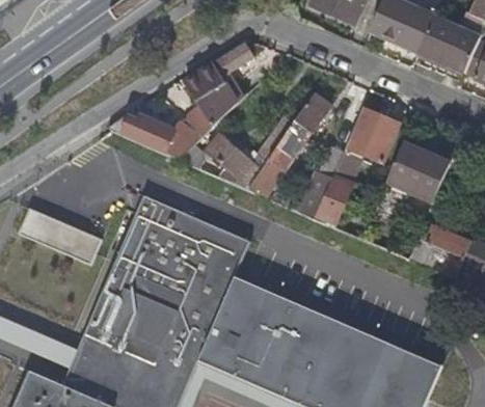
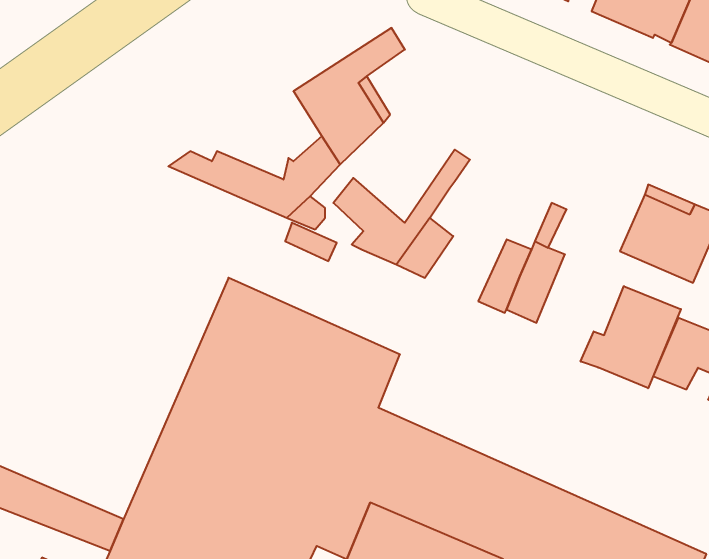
building: [285,93,332,148] -> none
building: [347,108,400,162] -> none
building: none -> [581,286,681,388]
building: [23,209,108,265] -> none

